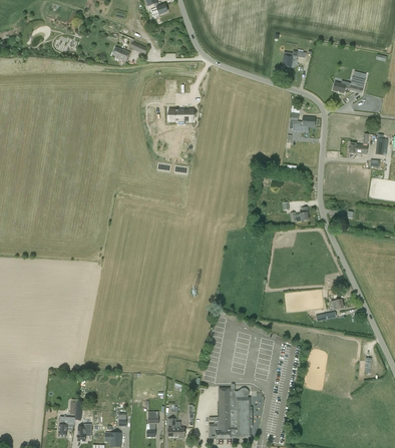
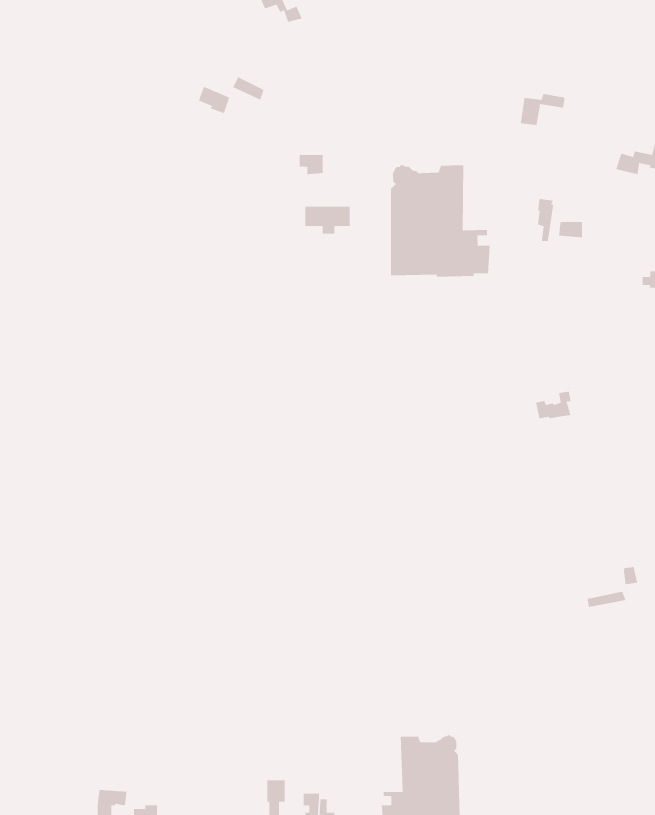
building: none -> [390,164,491,277]

